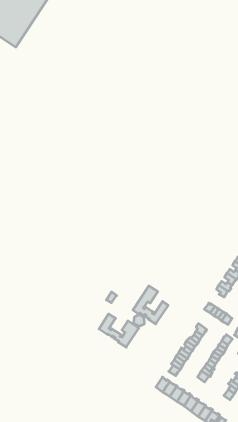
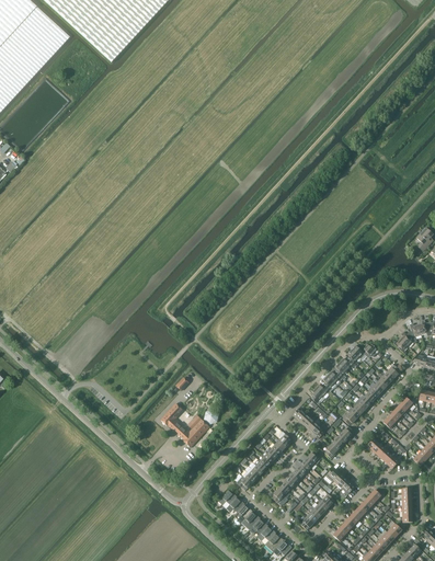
building: [133,286,168,324] -> none

